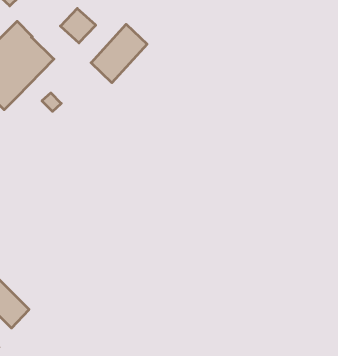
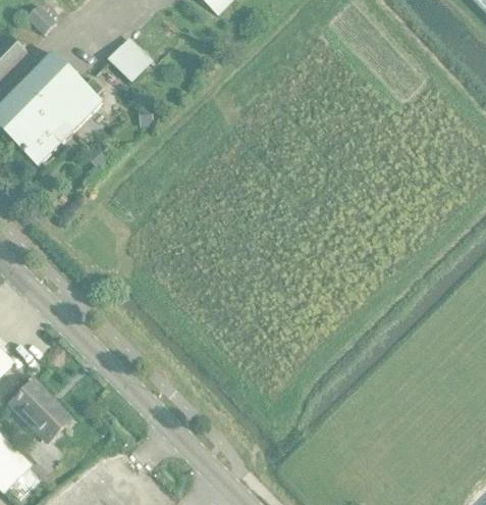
building: [91,24,147,83] -> none

